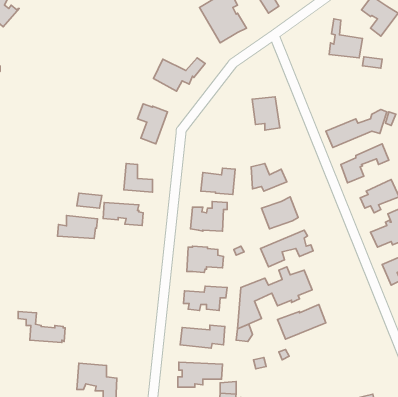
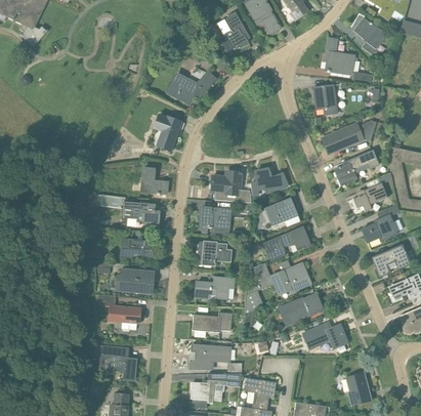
building: [252,97,280,130] -> [312,84,337,114]
building: [57,215,98,238] -> [121,238,157,258]
building: none -> [124,268,153,292]
building: [18,312,65,343] -> [98,294,140,322]
building: none -> [302,323,347,348]

